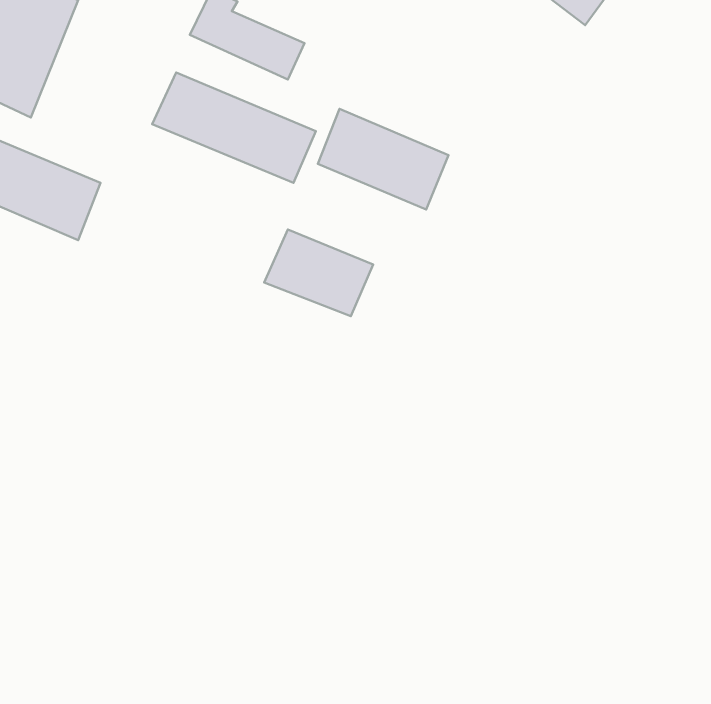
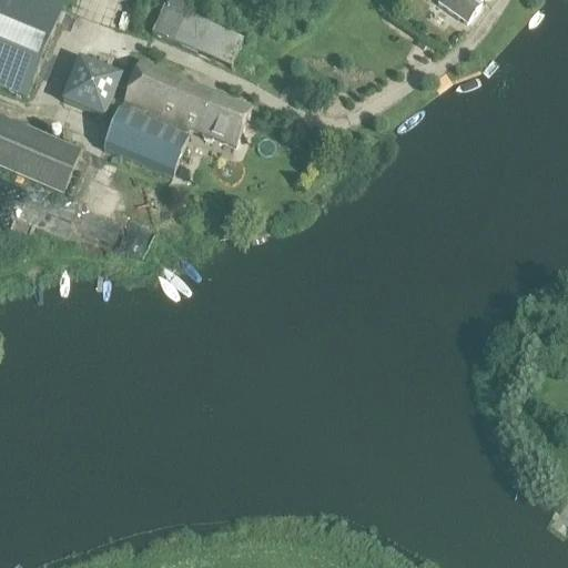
building: none -> [61,54,120,114]
building: [318,109,448,209] -> none
building: [264,229,373,316] -> [102,105,189,174]

